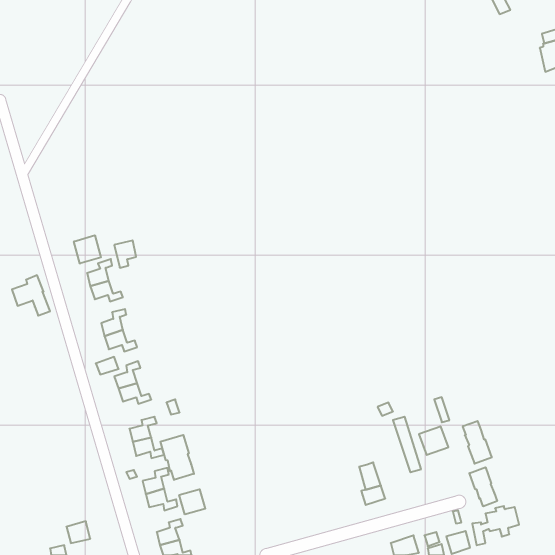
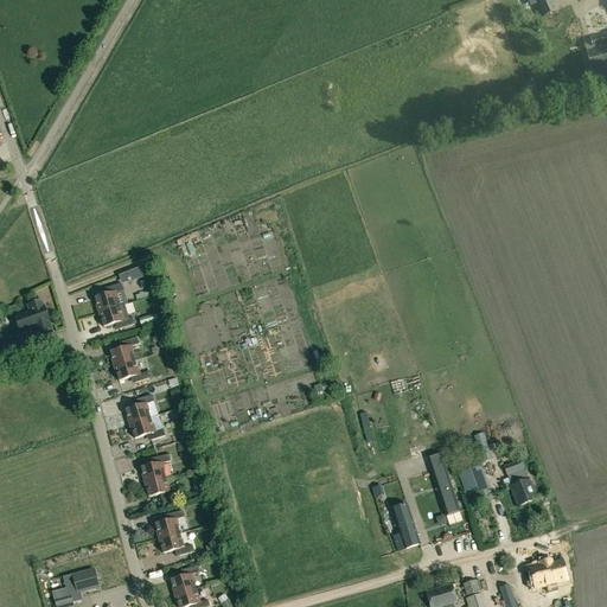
building: [74,235,101,264] -> none
building: [160,435,194,480] -> none
building: [469,467,497,506] -> none
building: [179,489,205,514] -> none

